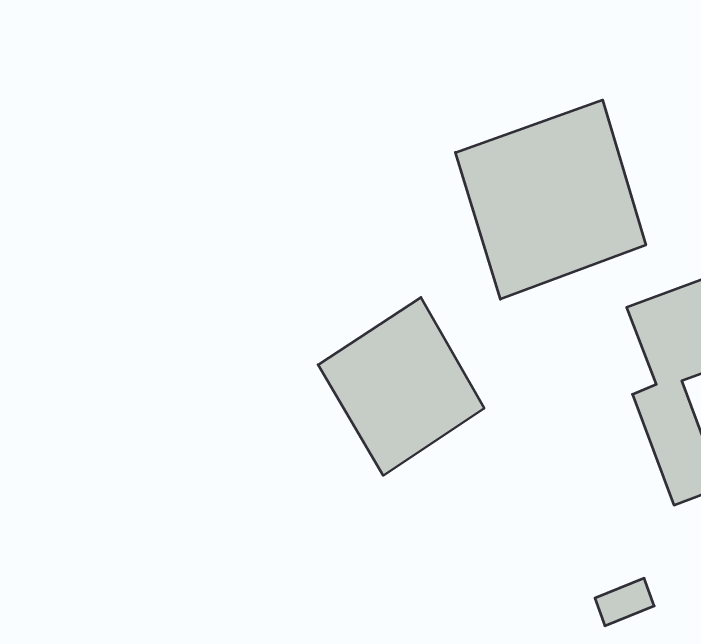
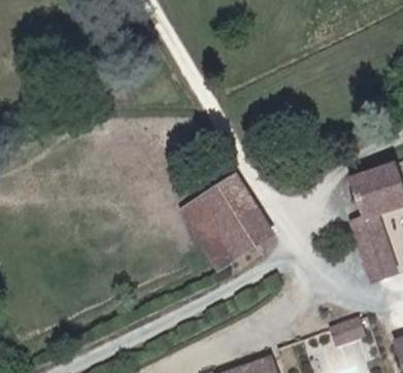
building: [455,100,646,299] -> none

